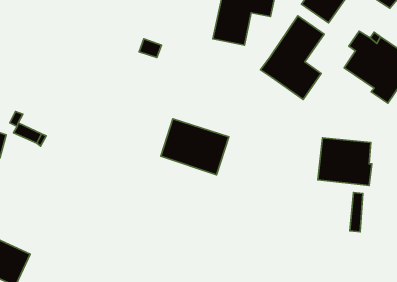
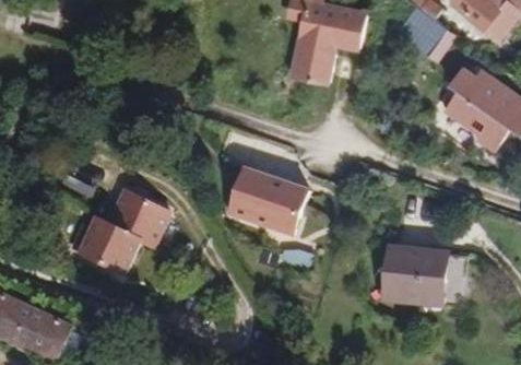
building: [261,16,324,100] -> none
building: [318,138,372,185] -> [386,248,449,304]
building: none -> [80,191,171,274]

